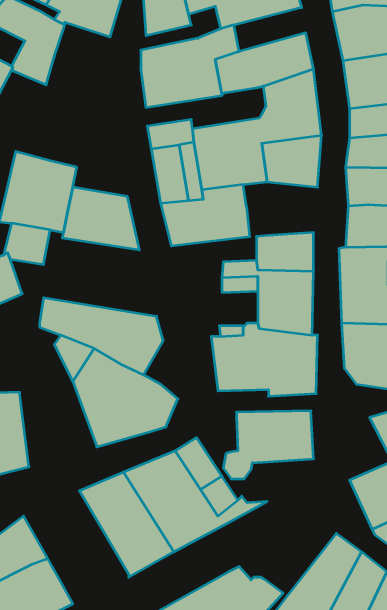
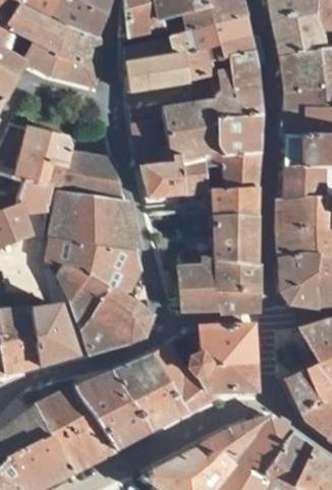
building: none -> [196,16,251,50]
building: none -> [52,28,102,87]
building: none -> [203,150,260,190]
building: none -> [50,192,136,253]
building: none -> [32,306,78,368]
building: none -> [193,362,258,395]
building: none -> [35,386,115,473]
building: none -> [200,417,271,465]

